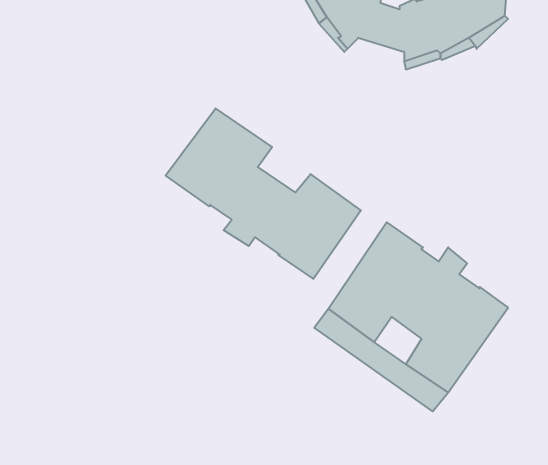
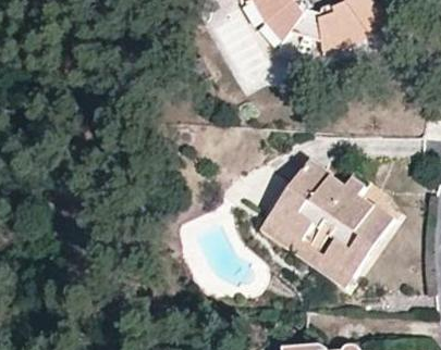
building: [166,108,361,279] -> none

